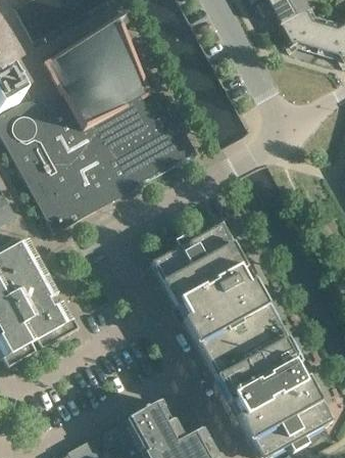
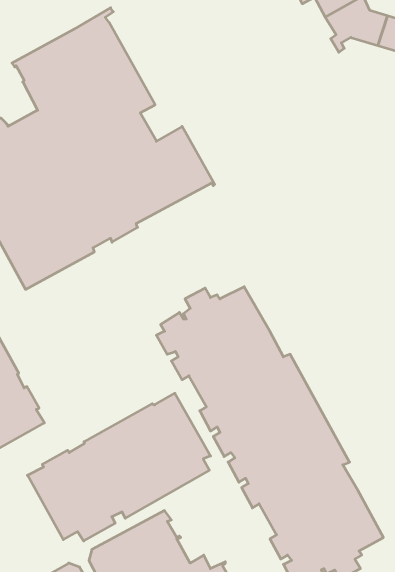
building: none -> [27,393,211,541]

